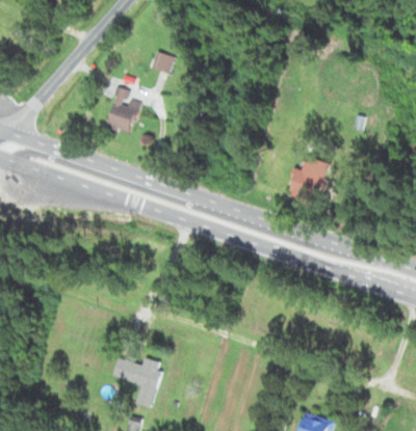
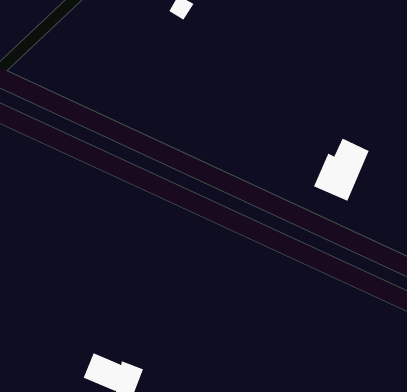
building: [107,88,137,131] -> none

